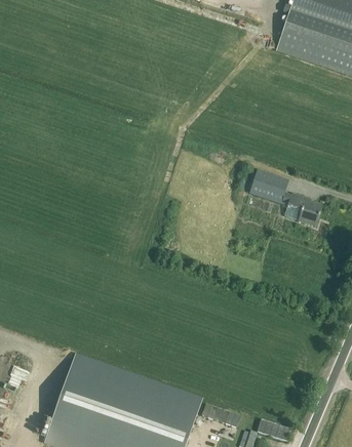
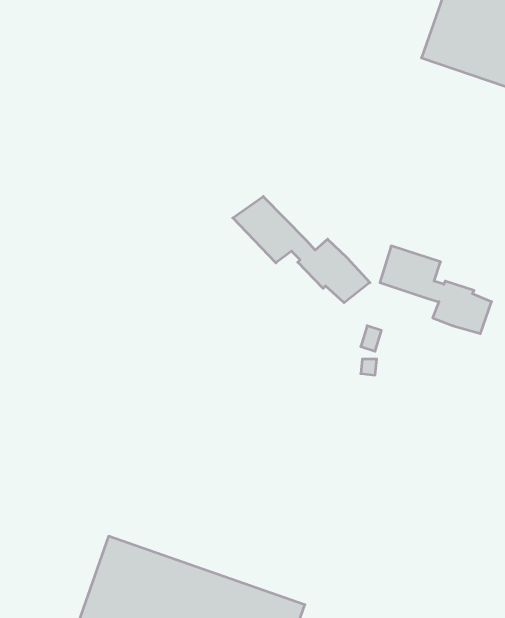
building: none -> [233,196,370,303]

